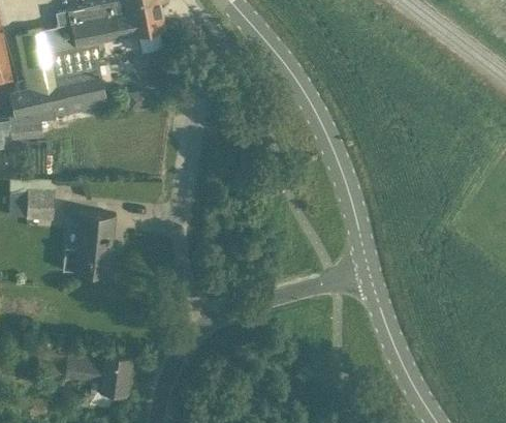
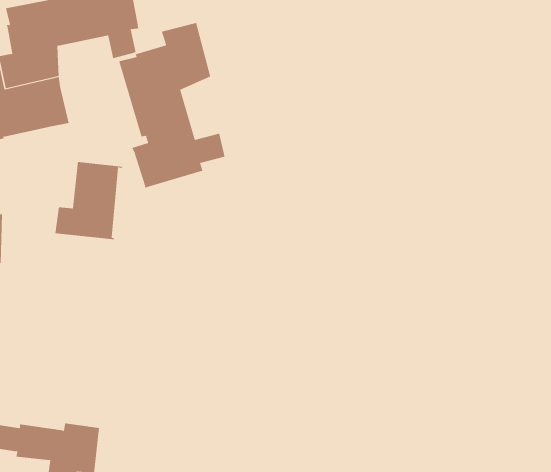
building: none -> [118,22,225,189]
building: [61,212,117,276] -> [54,161,123,240]

